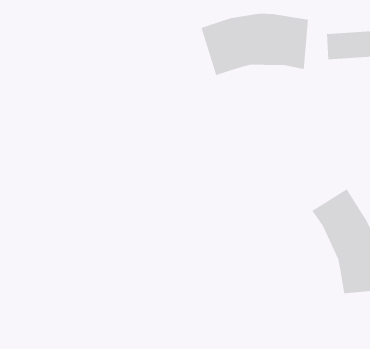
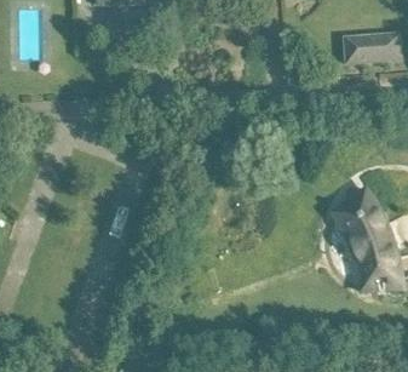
building: [201,13,309,76] -> none

